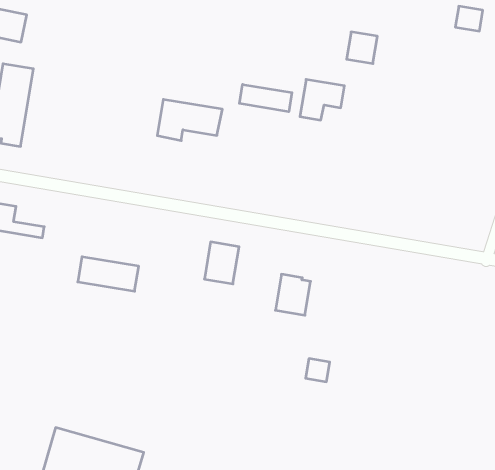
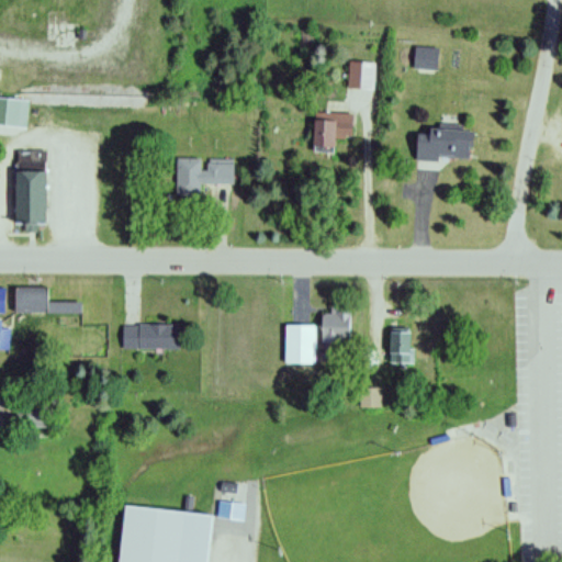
building: [455,6,483,31] -> [415,48,439,69]
building: [239,84,292,112] -> none
building: none -> [415,131,470,161]
building: [204,242,239,284] -> [285,326,314,363]
building: none -> [389,330,413,363]

